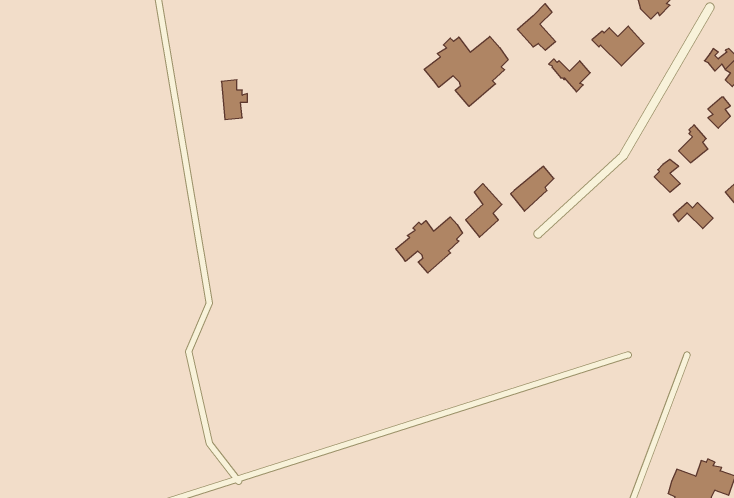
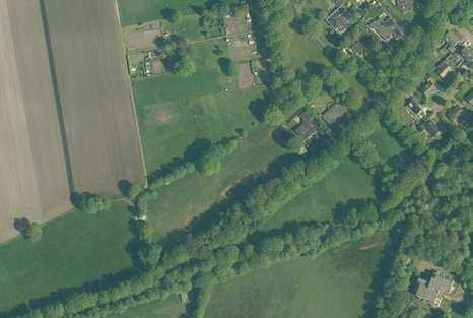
building: [424,36,508,106] -> none
building: [396,217,463,273] -> none

